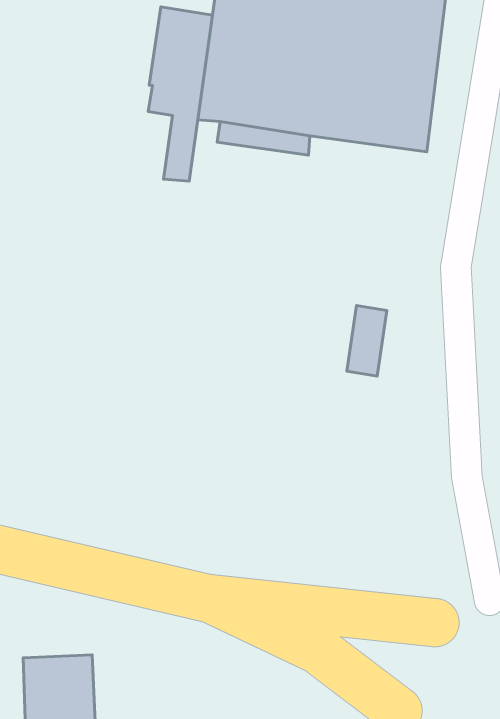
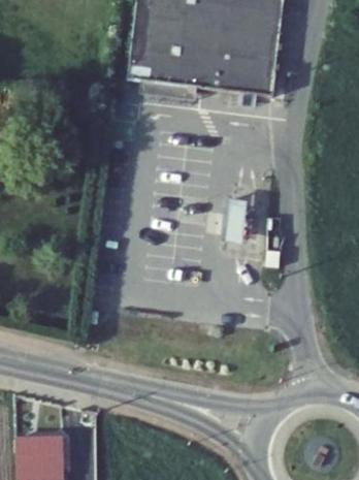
building: [148,7,212,181] -> none

